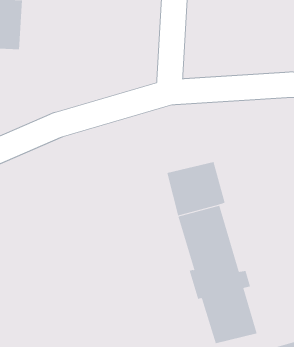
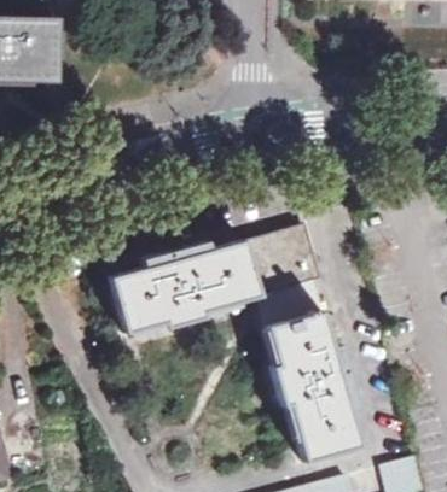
building: none -> [109,240,256,330]

